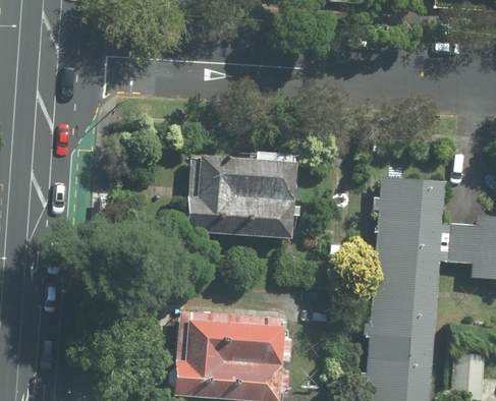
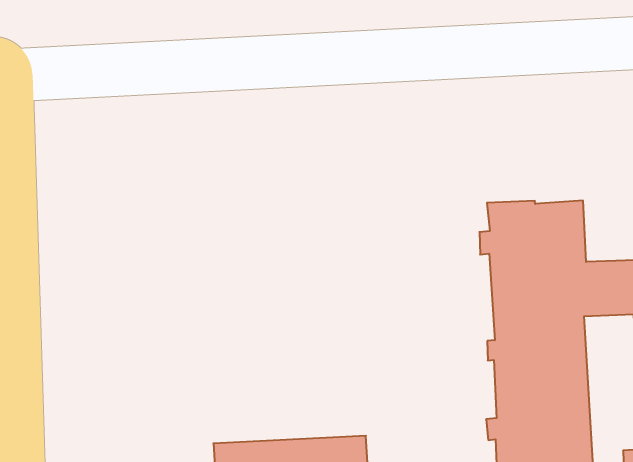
building: [189,155,299,240] -> none

